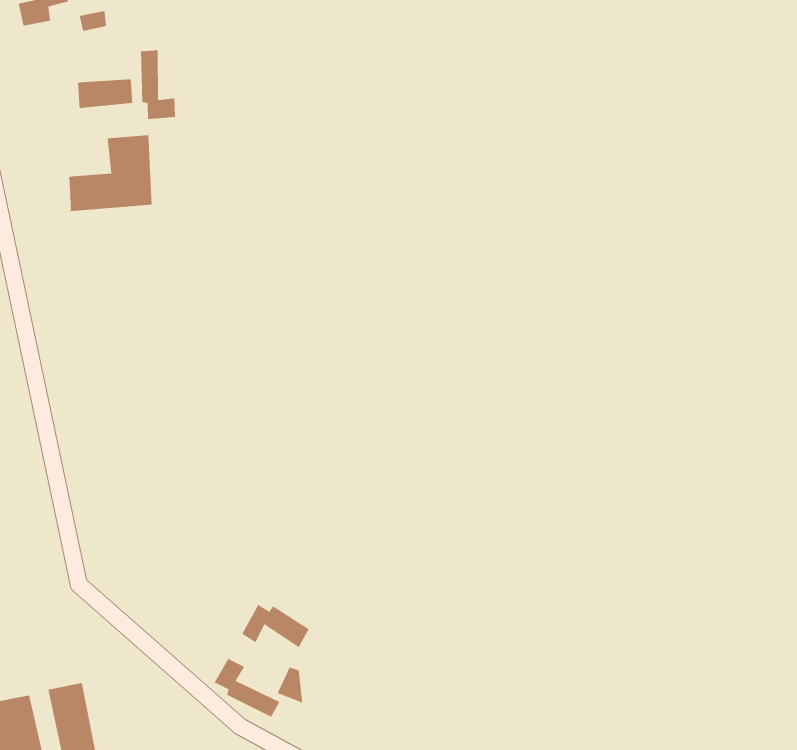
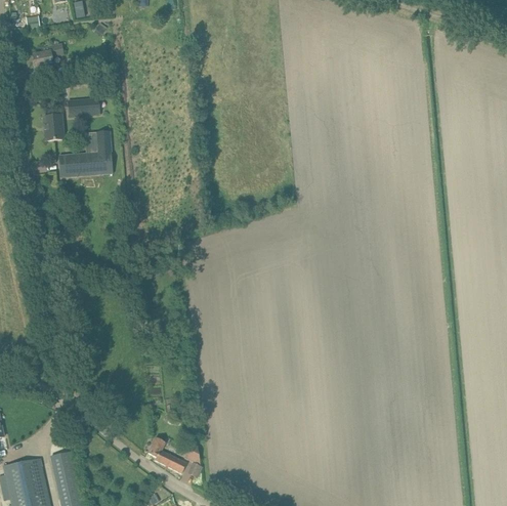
building: [140,50,175,120] -> none
building: none -> [43,115,64,140]
building: [241,604,309,648] -> none

